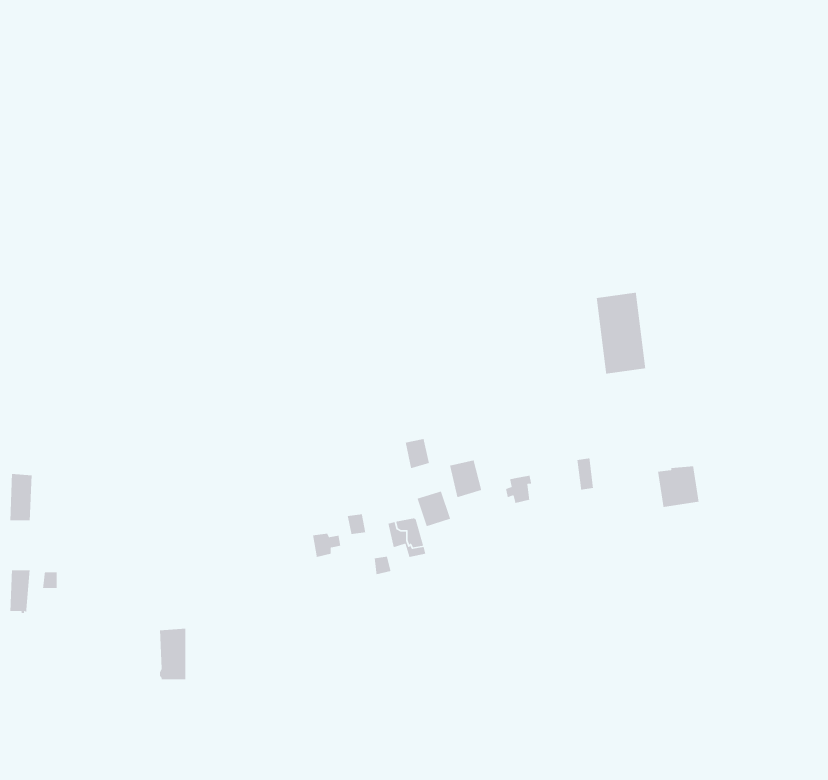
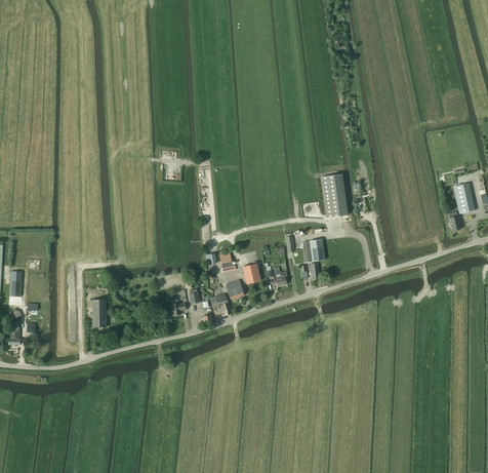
building: [657,466,699,508] -> [302,239,325,262]
building: [159,628,186,680] -> [91,299,106,326]

